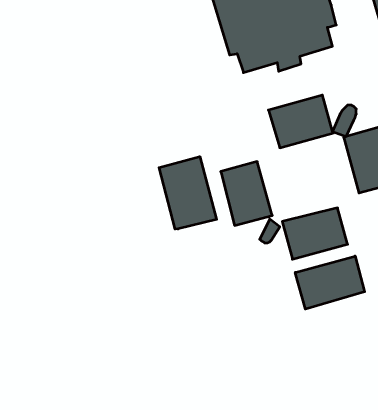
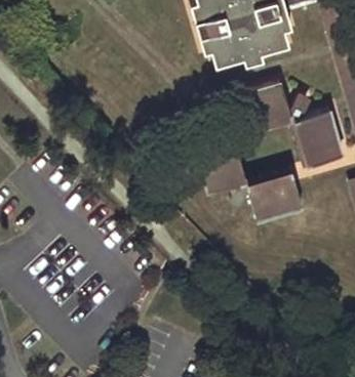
building: [159,157,217,229] -> none
building: [295,256,365,309] -> none

